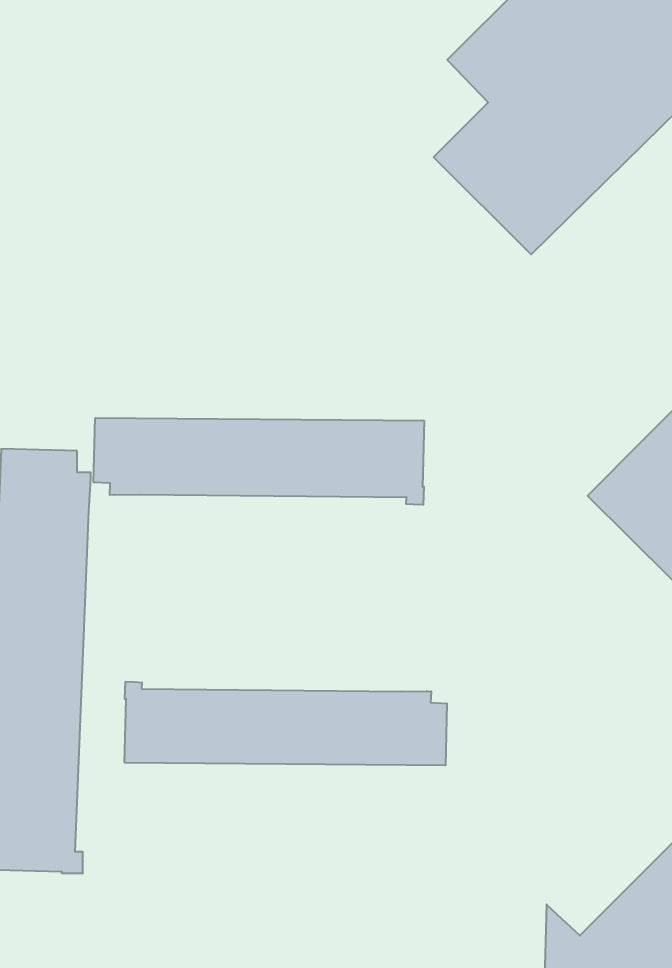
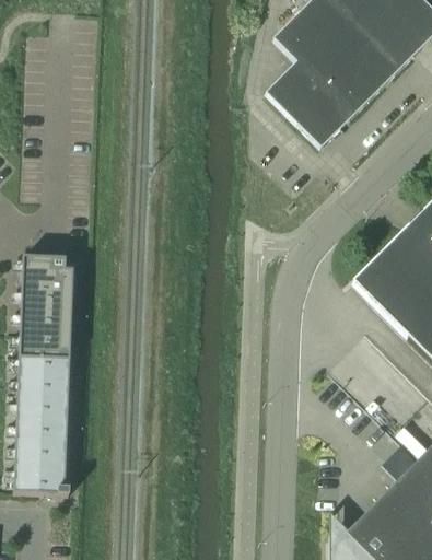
building: [94,418,424,505] -> none
building: [125,682,447,766] -> none

